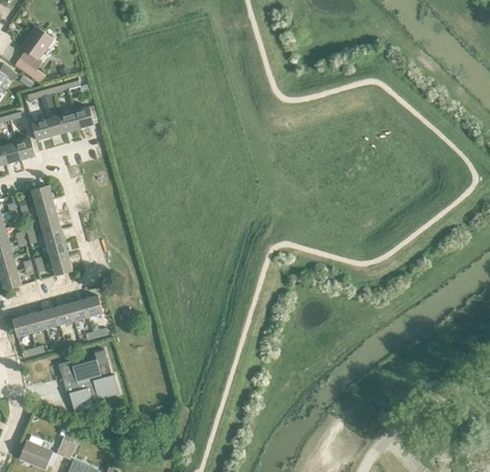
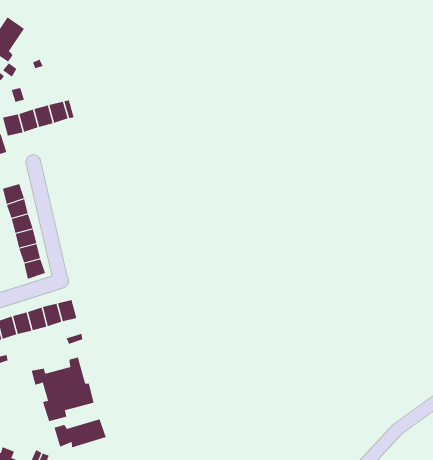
building: none -> [54,419,106,448]

